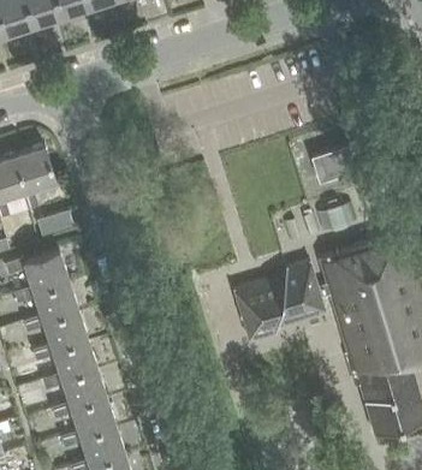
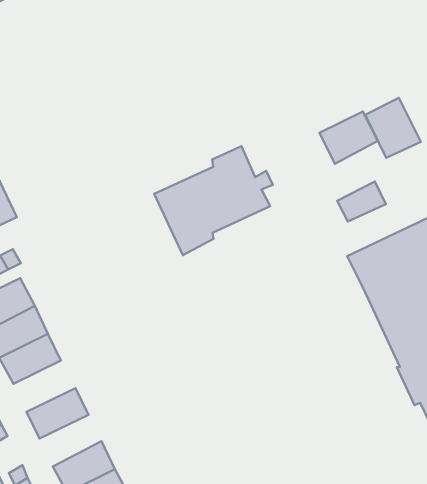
building: none -> [365,98,421,158]
building: [234,261,331,341] -> [154,146,273,255]
building: [36,308,85,345] -> none
building: [50,355,100,392] -> none

